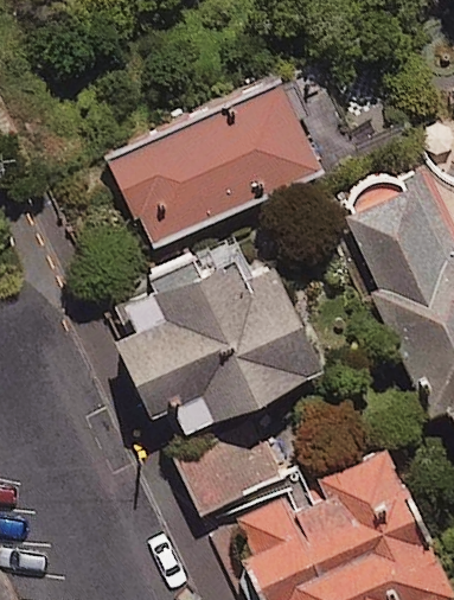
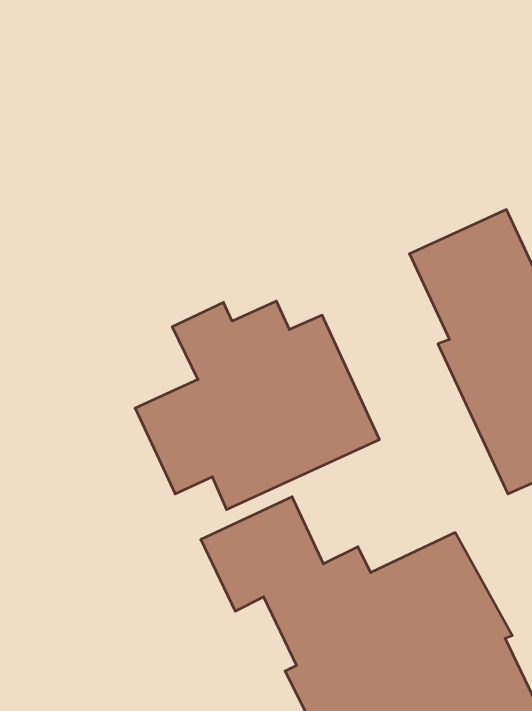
building: [110,78,322,248] -> none

